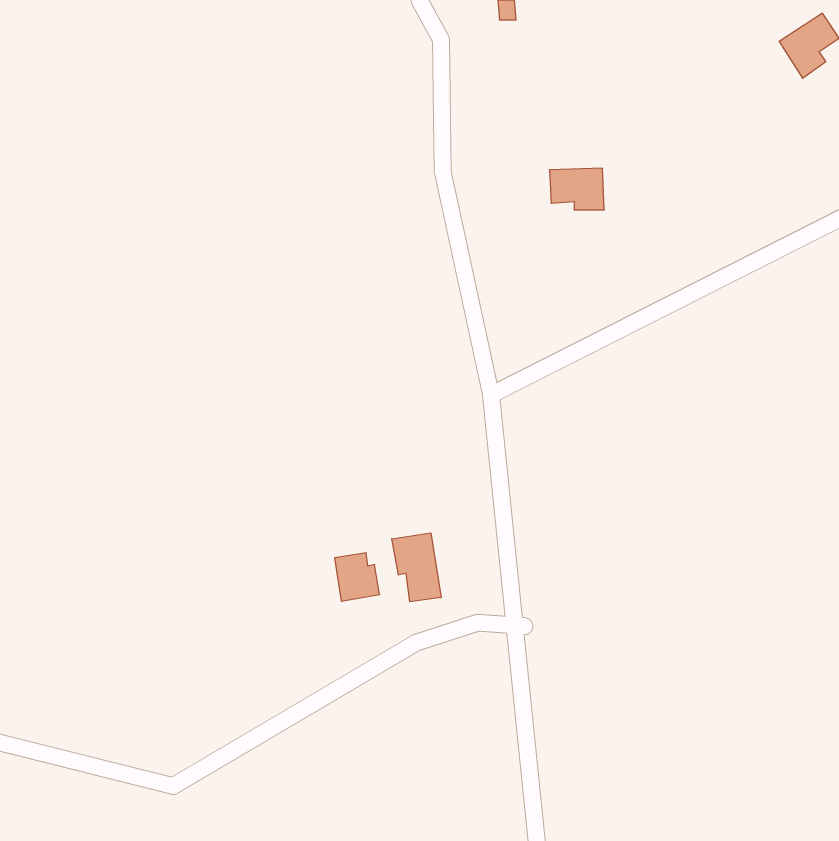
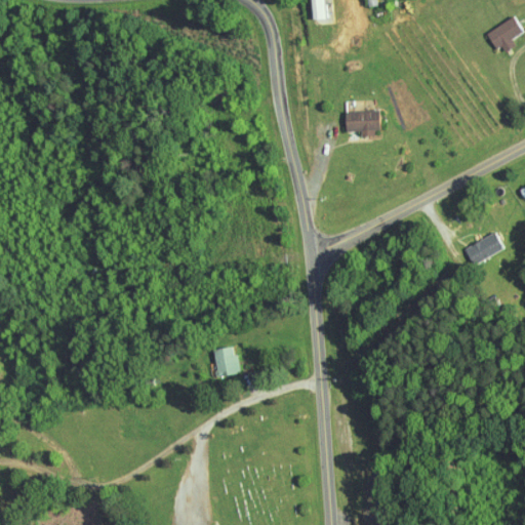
building: none -> [463,233,503,264]
building: [392,533,441,602] -> none

